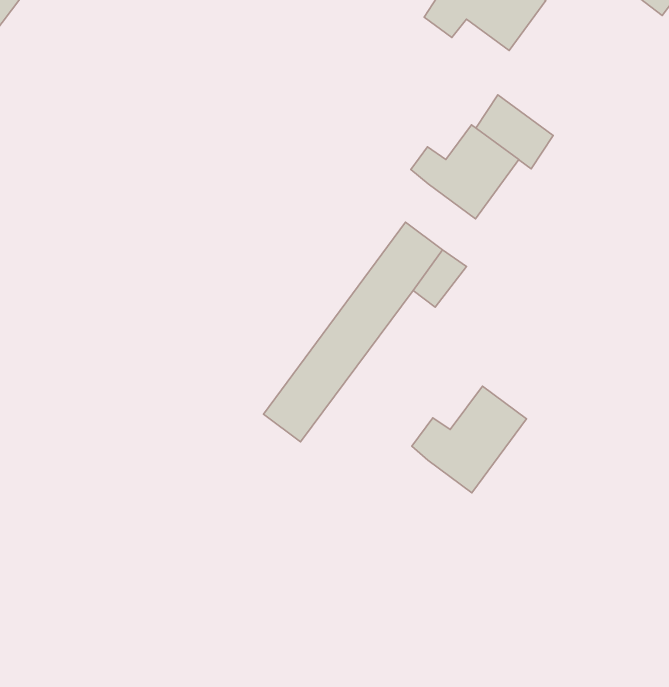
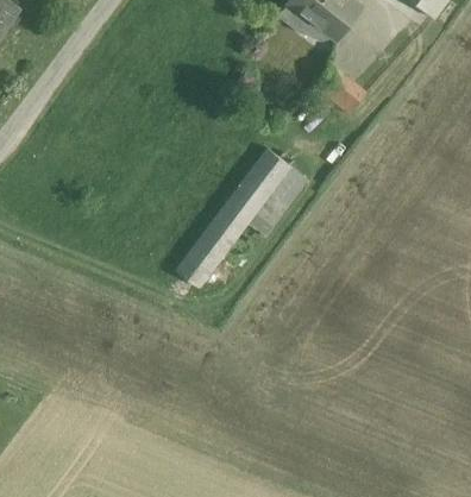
building: [411,125,519,219] -> none
building: [412,386,526,493] -> none

